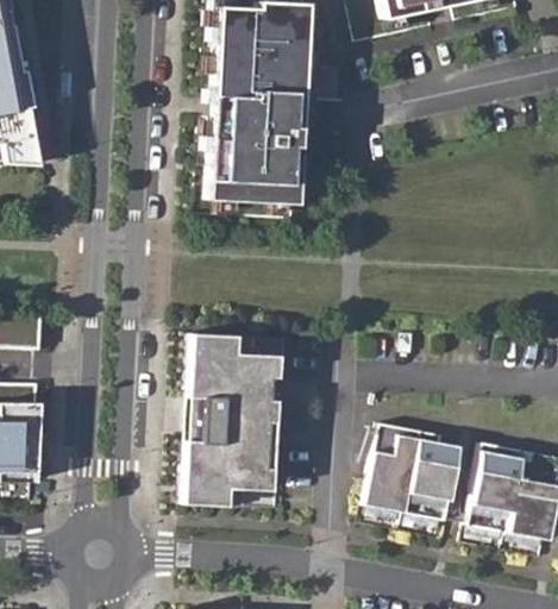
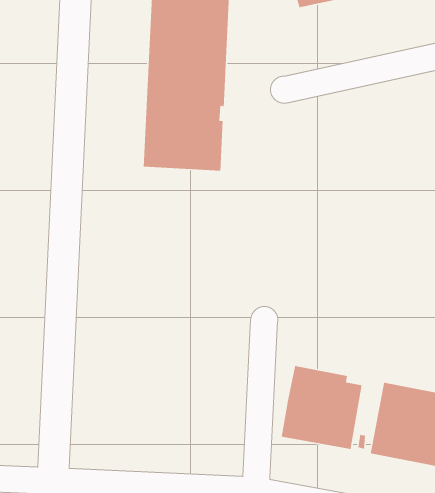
building: [184,334,280,507] -> none

